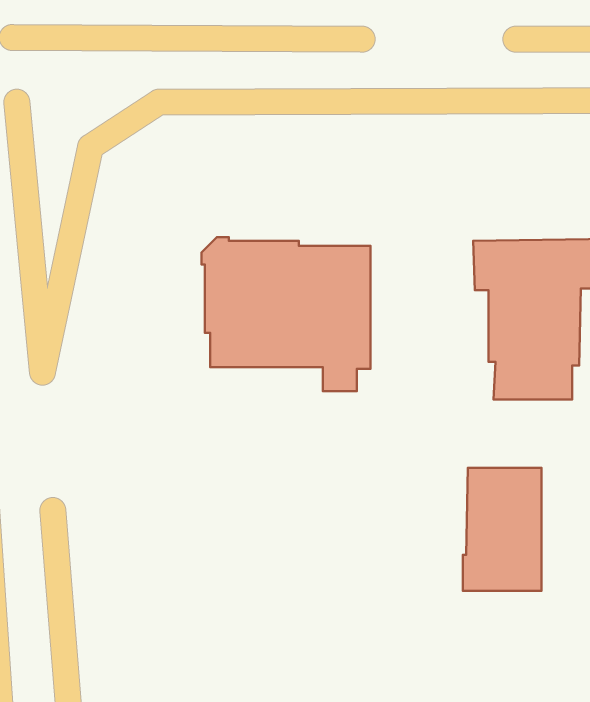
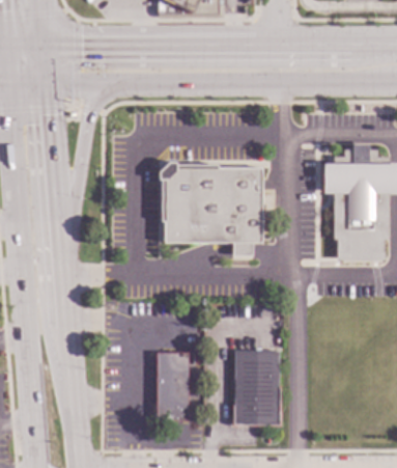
building: [463,468,541,591] -> [233,351,281,425]
building: none -> [157,352,190,420]

